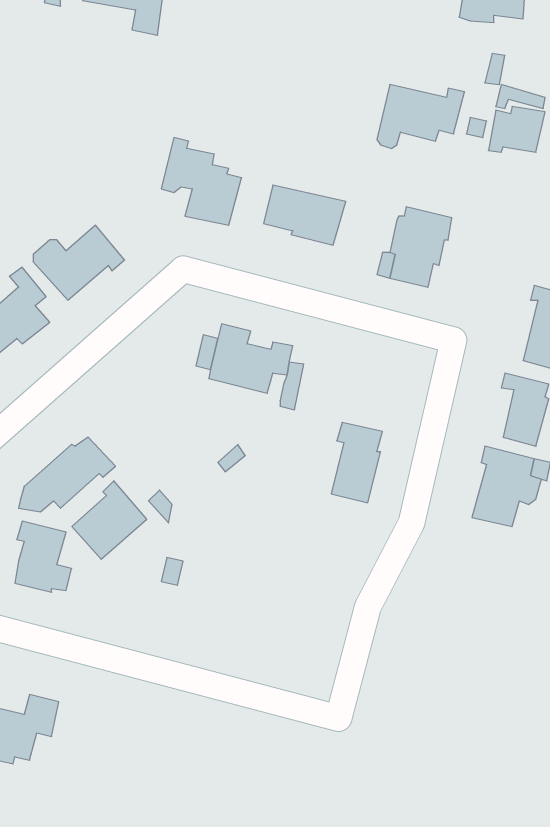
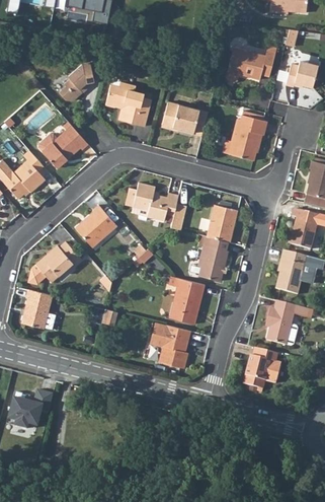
building: none -> [59,64,97,104]
building: none -> [207,205,237,242]
building: [72,481,147,559] -> [75,205,116,248]
building: none -> [170,277,206,322]
building: none -> [268,299,311,342]
building: none -> [152,321,193,368]
building: none -> [246,346,283,387]

